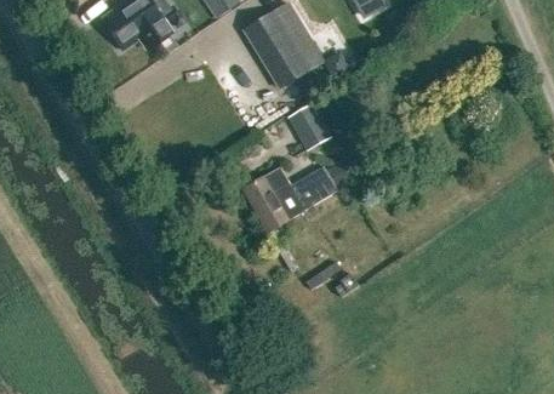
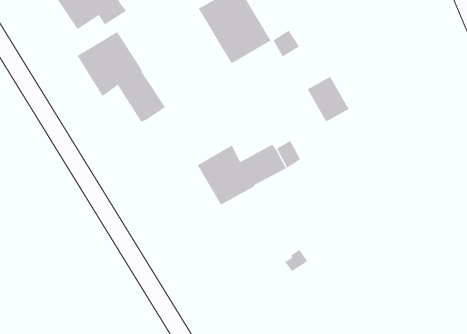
building: none -> [77,31,166,123]
building: [289,102,332,149] -> [307,76,350,122]

